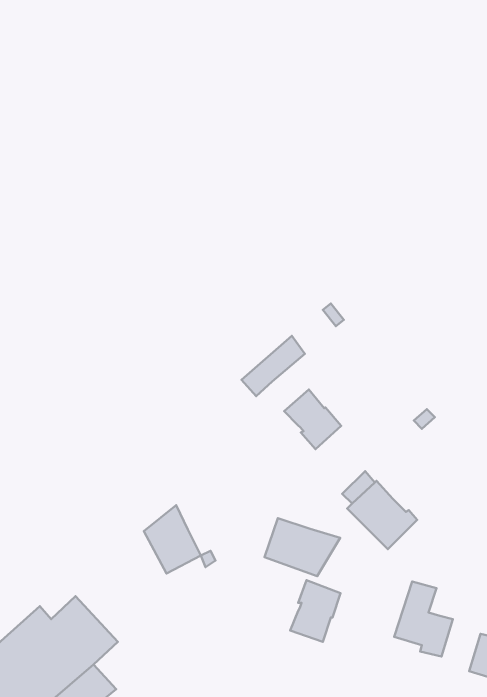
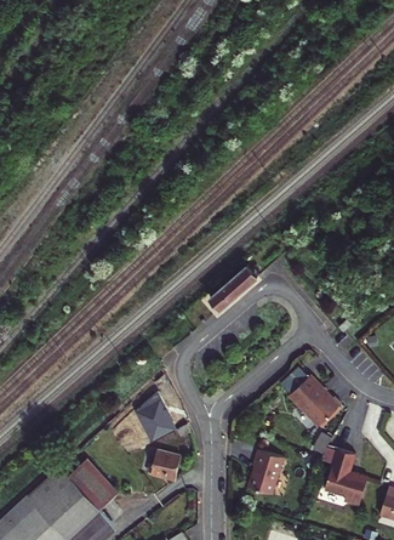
building: [284,390,341,449] -> none
building: [264,518,340,576] -> none
building: none -> [150,451,179,481]

